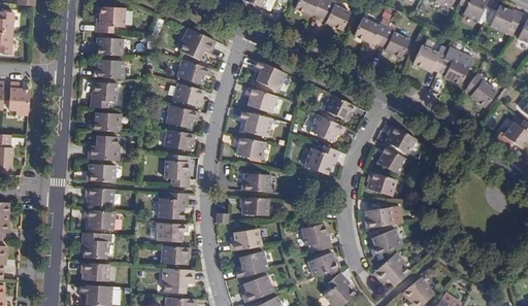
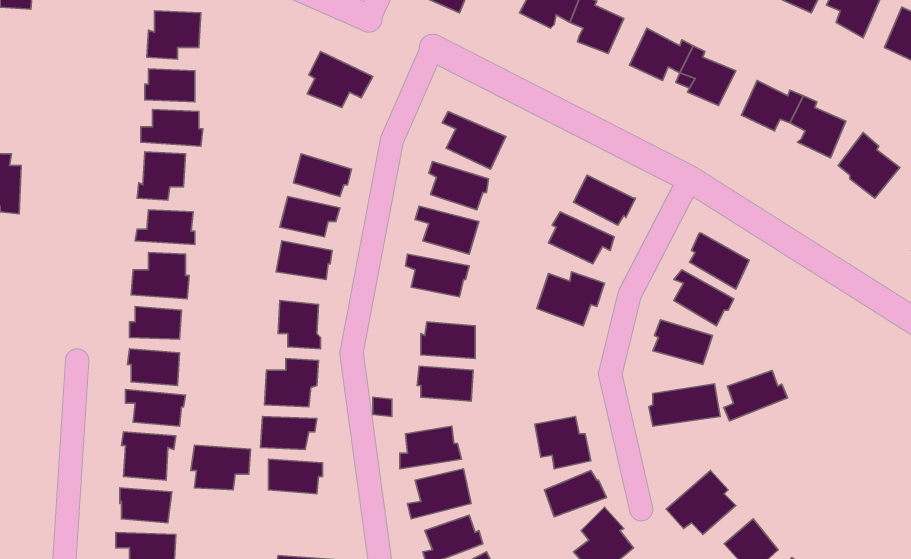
building: [177,60,210,84] -> none
building: [369,230,403,257] -> [724,371,788,421]
building: [161,269,193,293] -> [191,445,251,490]

